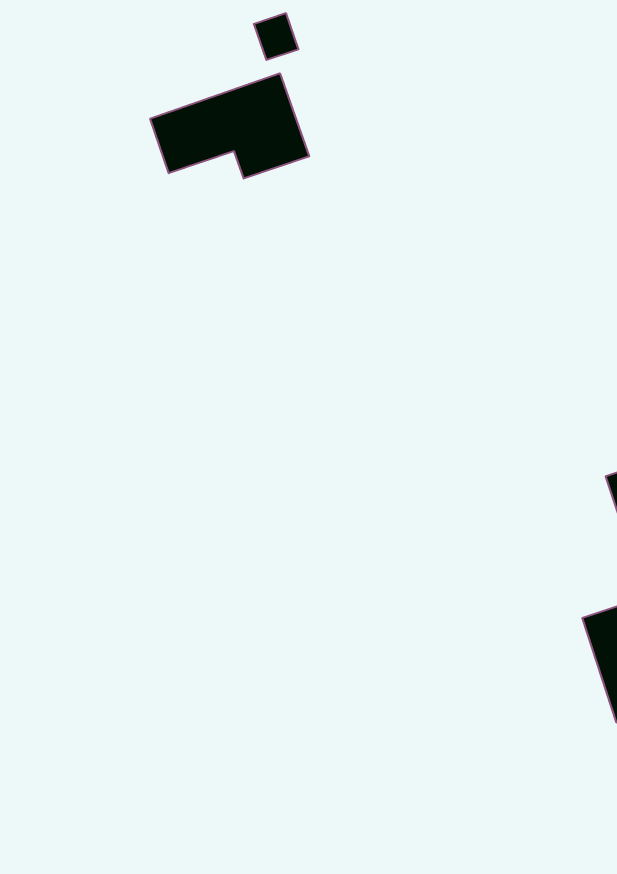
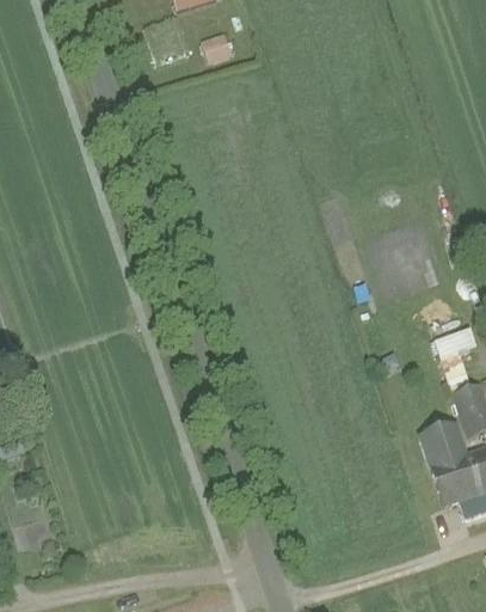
building: [150,73,309,179] -> none

